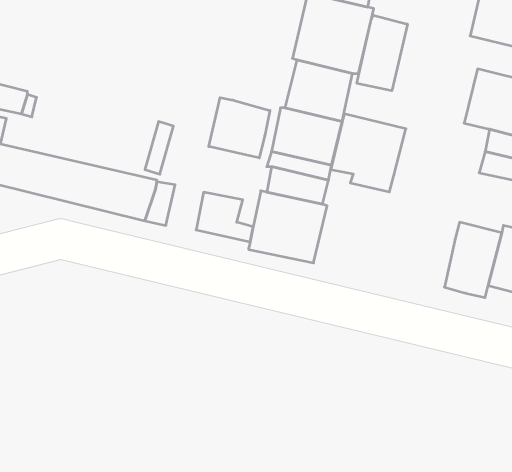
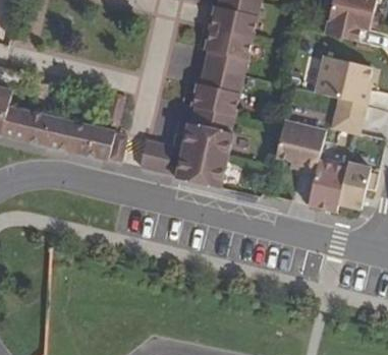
building: [357,15,407,91] -> none
building: [209,98,270,158] -> none
building: [331,114,406,192] -> [276,118,327,171]

